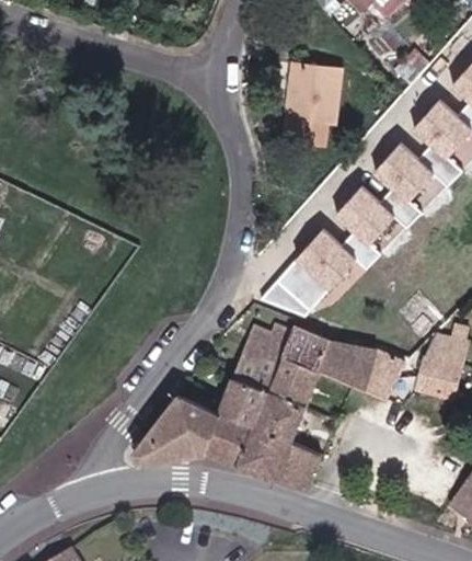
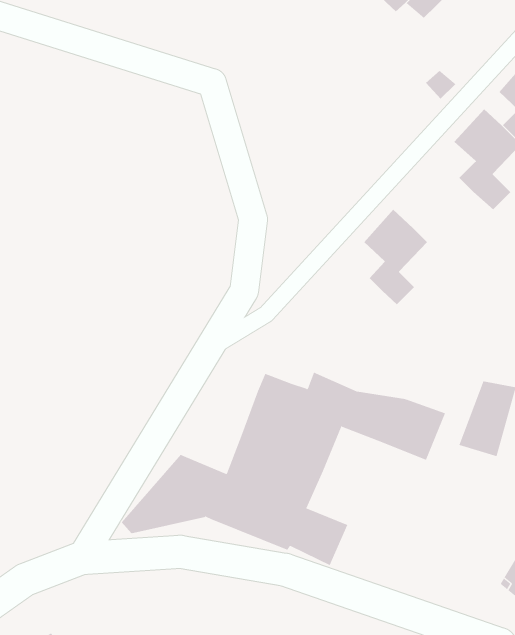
building: [281,60,337,122] -> none
building: [376,144,430,228] -> none
building: [263,229,353,311] -> none

